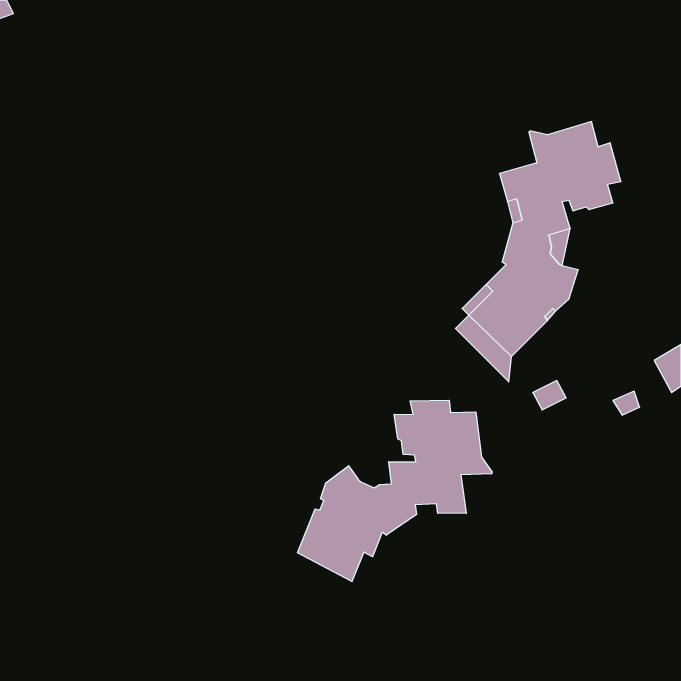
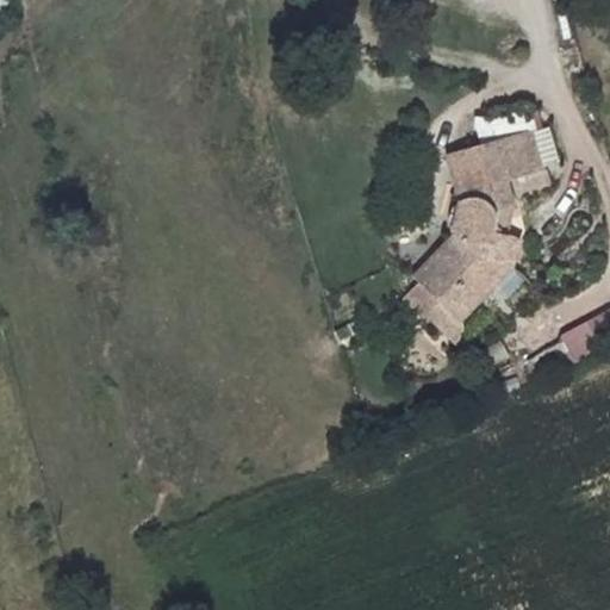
building: [298,400,492,582] -> none

